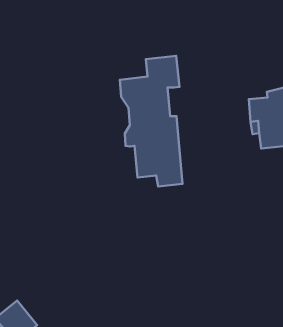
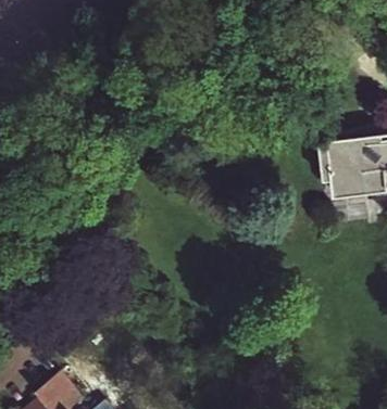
building: [120,56,182,186] -> none

